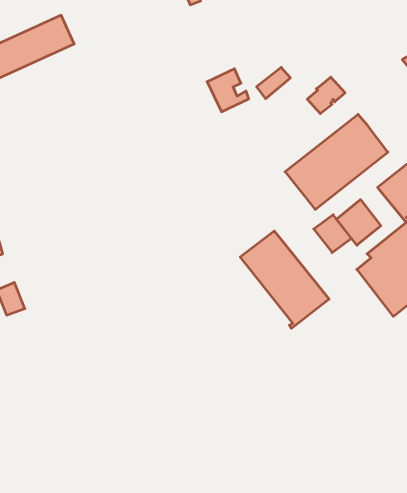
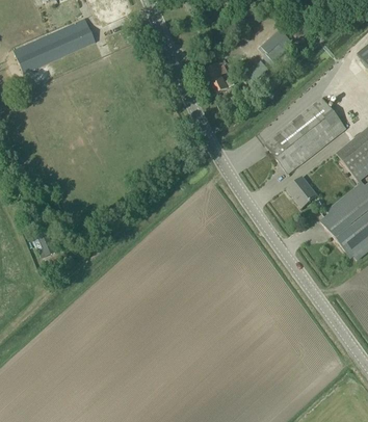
building: [307,77,345,114] -> [263,31,293,60]
building: [337,200,381,245] -> none
building: [240,231,329,328] -> none

